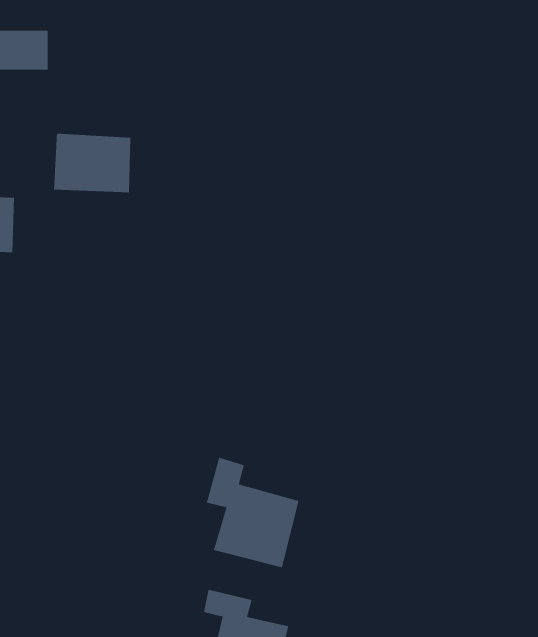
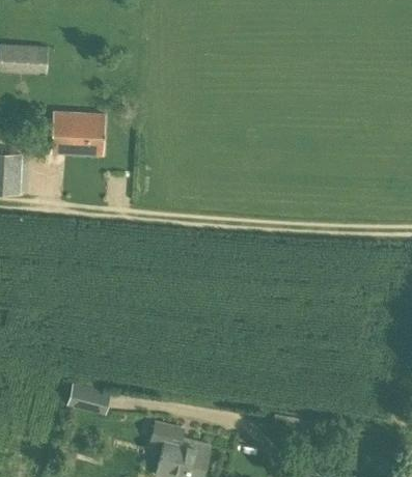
building: [206,457,299,568] -> none
building: none -> [65,383,109,415]

